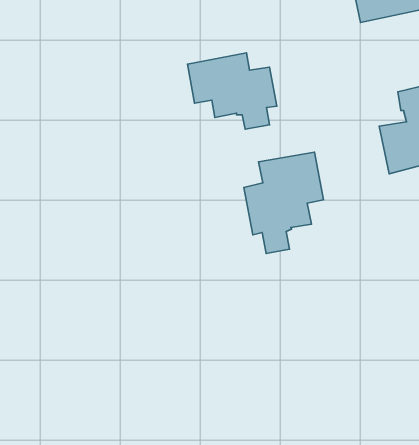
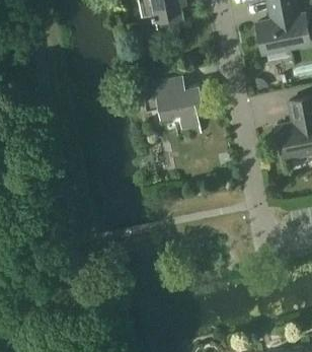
building: [244,152,323,254] -> none

